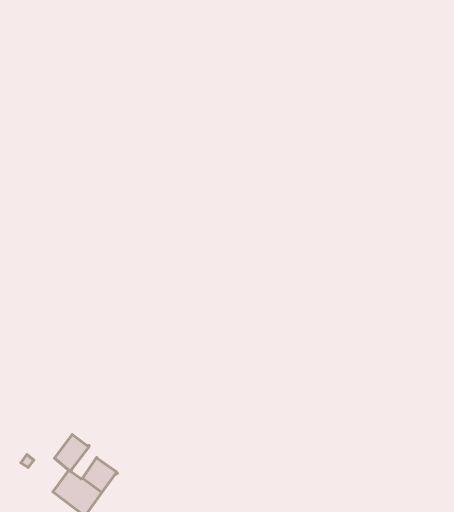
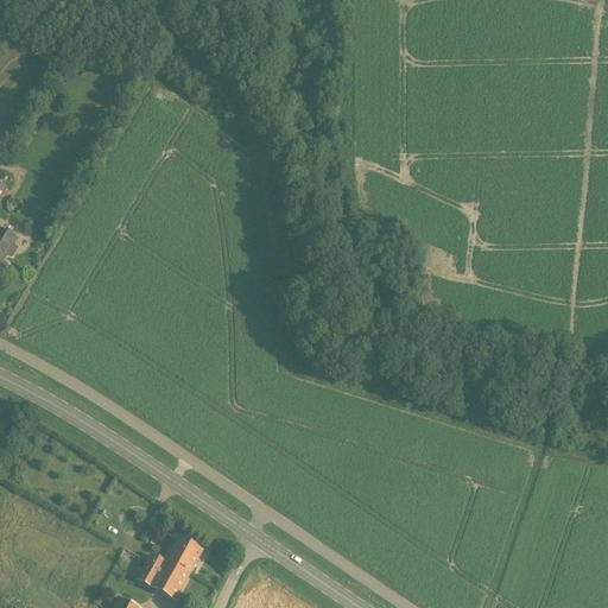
building: [55,434,89,471] -> none

